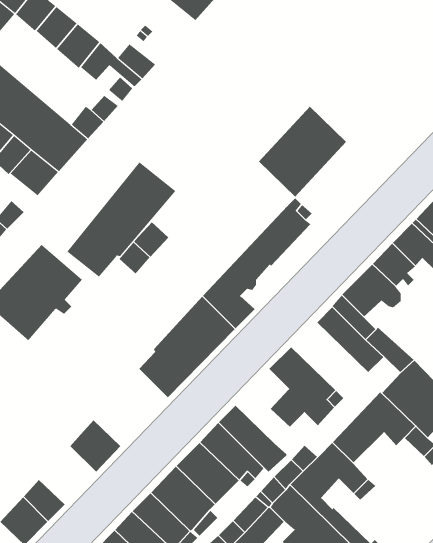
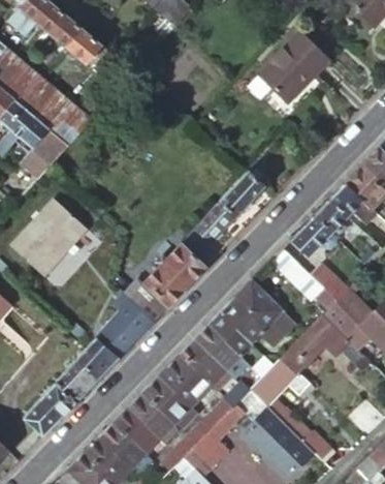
building: [258,106,347,198] -> [261,30,330,101]
building: [66,162,176,278] -> none
building: none -> [97,298,155,358]
building: none -> [207,298,250,356]
building: none -> [55,358,99,403]

